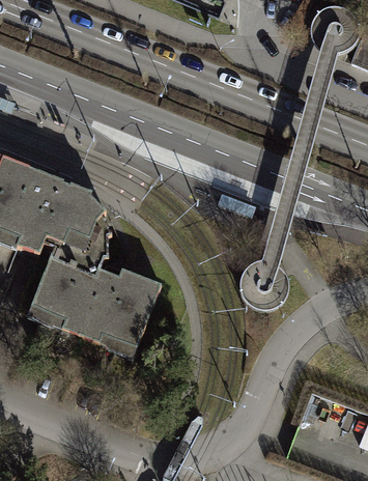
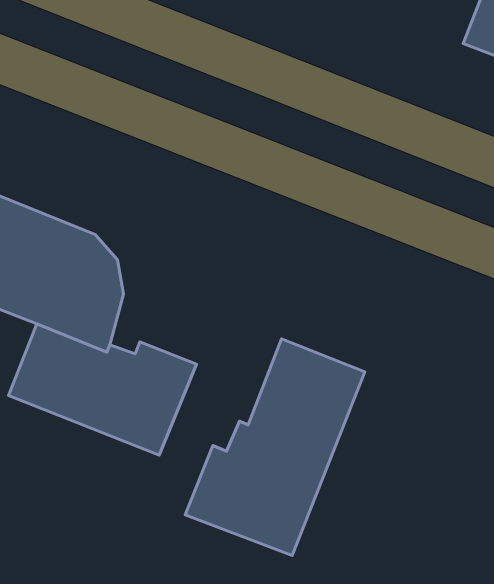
building: none -> [185,339,365,555]

